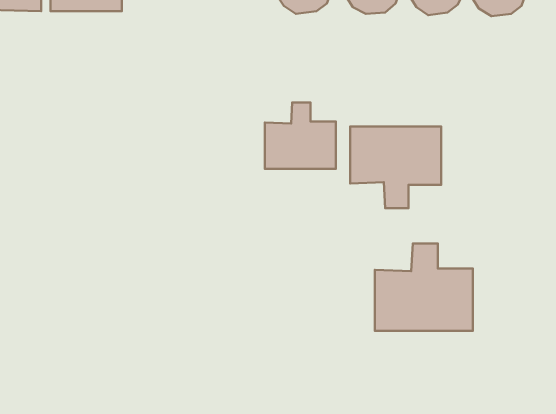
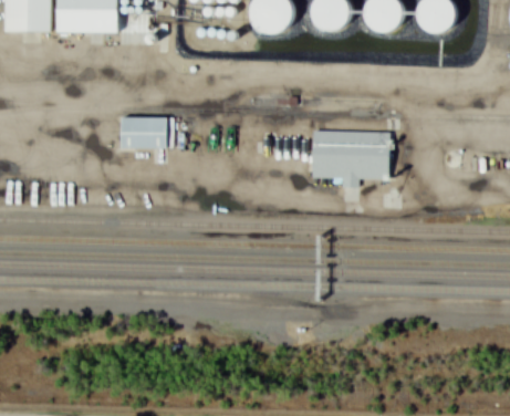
building: [265,103,336,169] -> none
building: none -> [119,116,174,163]
building: [375,243,473,331] -> none

